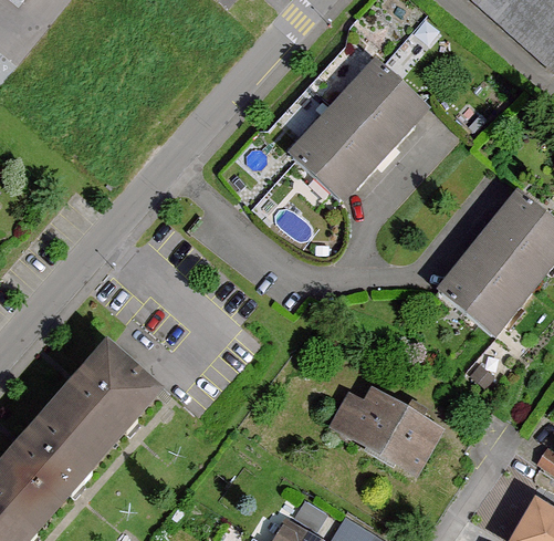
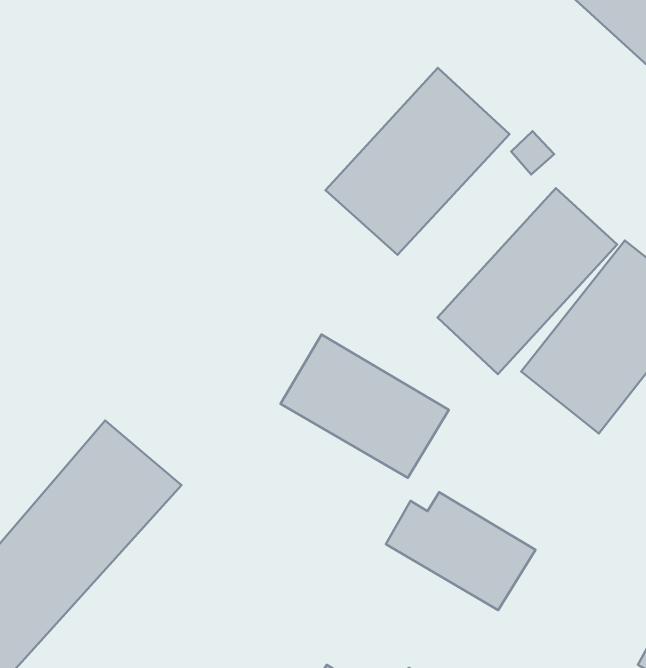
building: none -> [438,188,617,374]
building: none -> [281,335,449,478]

